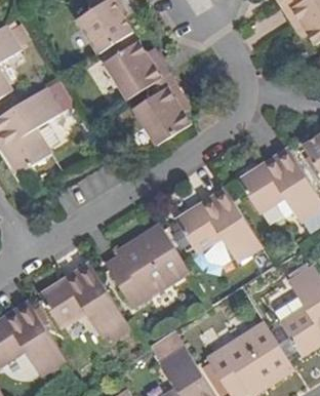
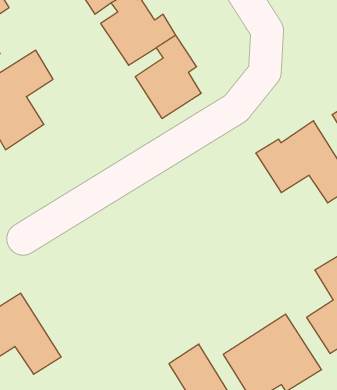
building: [173,190,261,263] -> none
building: [104,225,190,310] -> none
building: [37,263,124,334] -> none

